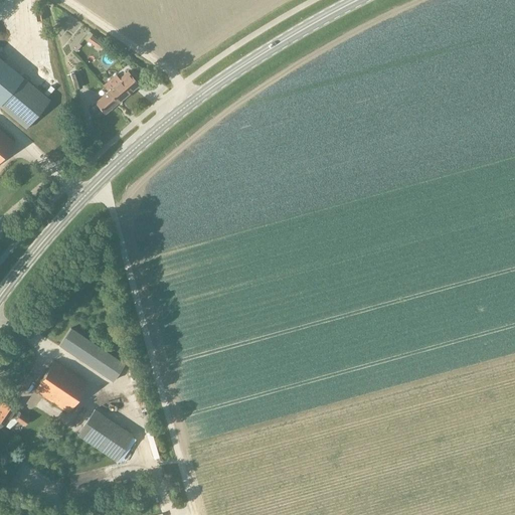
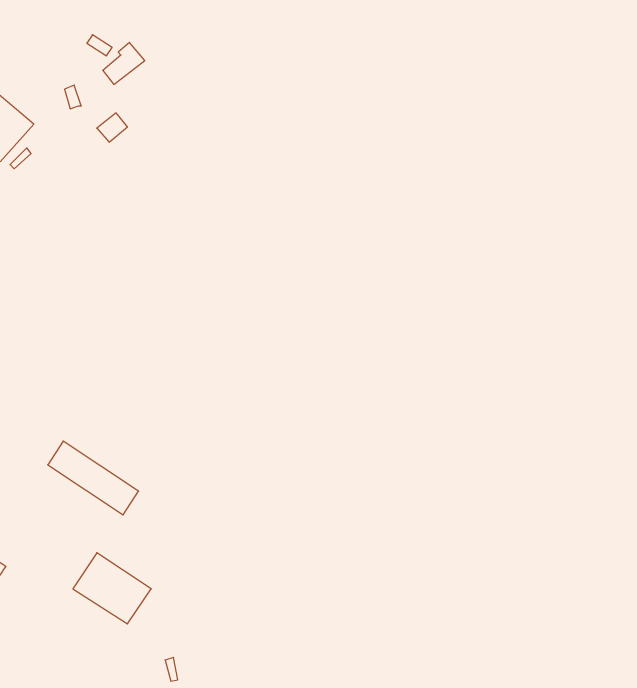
building: [108,72,138,103] -> [103,42,145,84]
building: [33,361,87,413] -> none

